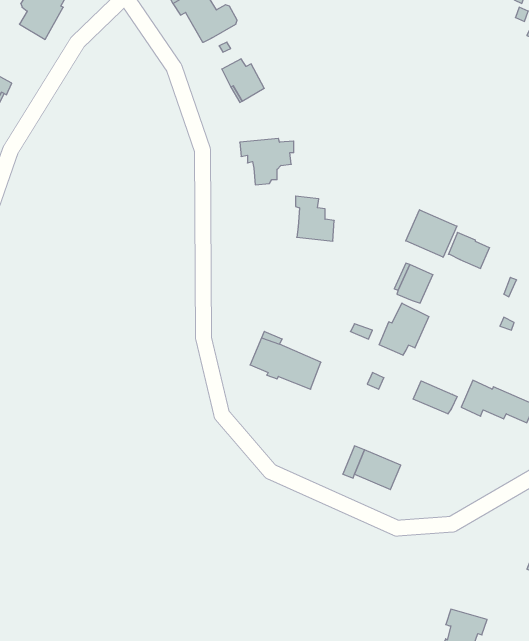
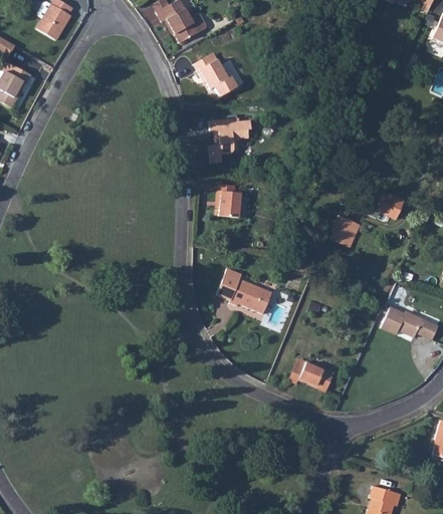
building: [296,196,334,241] -> [217,183,247,218]
building: [406,210,457,257] -> none
building: [379,303,429,355] -> none
building: [413,381,457,414] -> none

